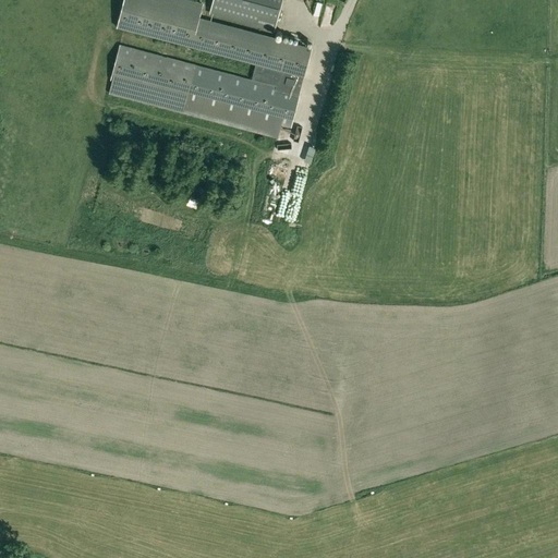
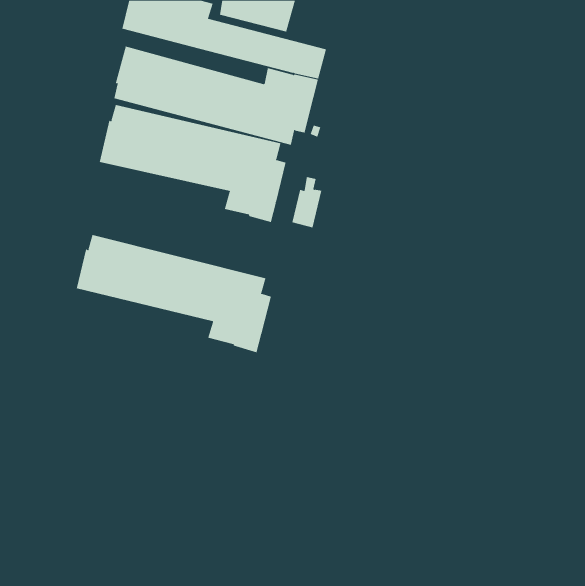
building: none -> [99,104,286,223]
building: none -> [76,234,272,353]

